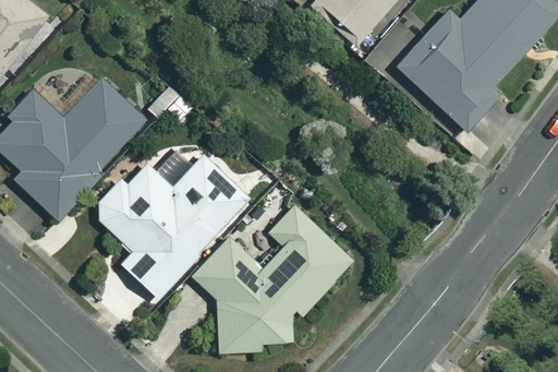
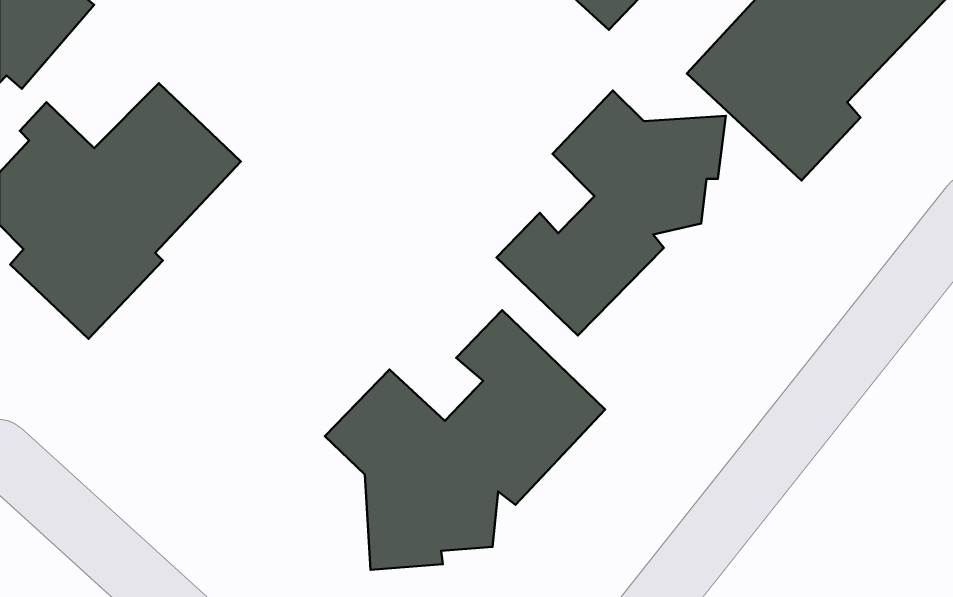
building: none -> [497,91,726,336]
building: [89,153,245,296] -> none

